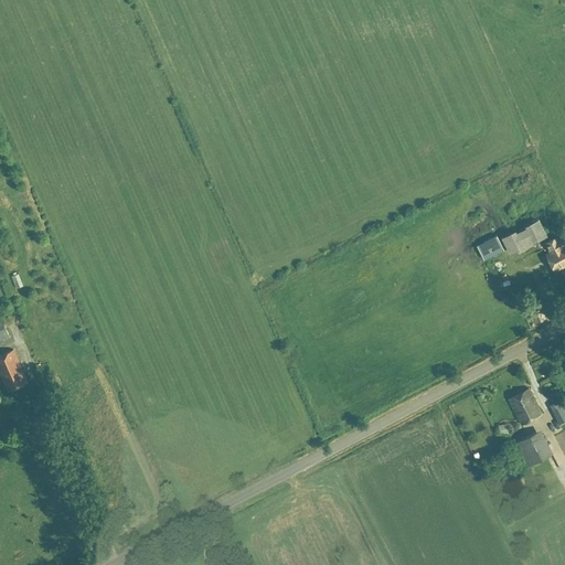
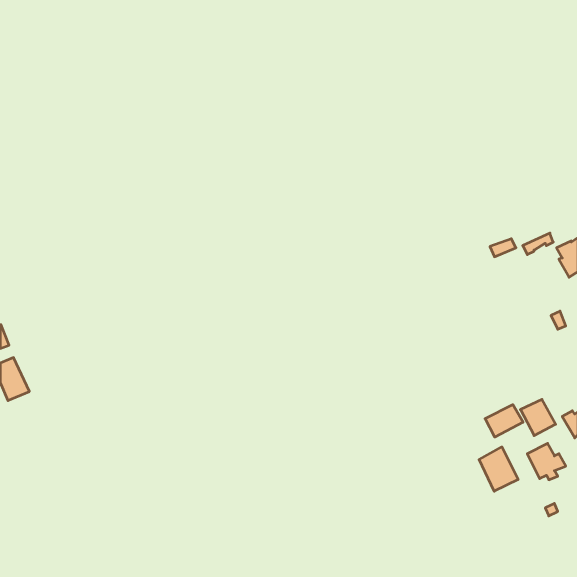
building: none -> [485,405,523,437]
building: none -> [479,447,518,491]

